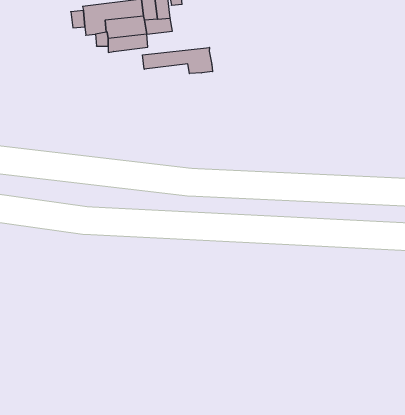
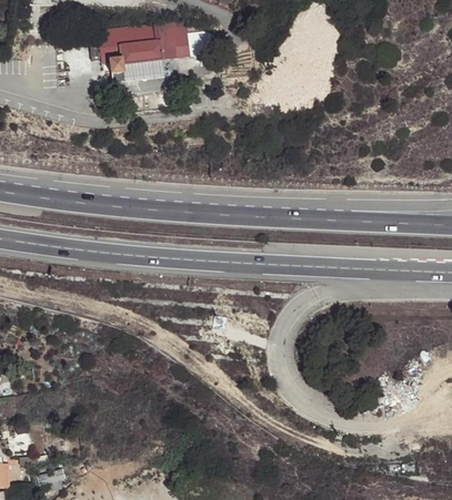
building: [143,47,213,74] -> none

